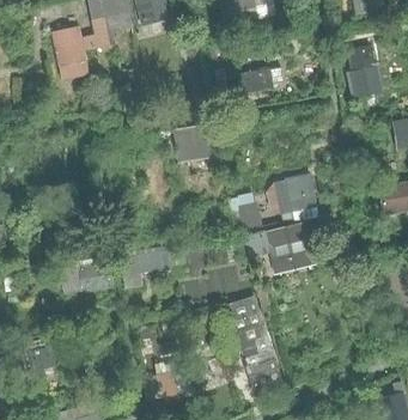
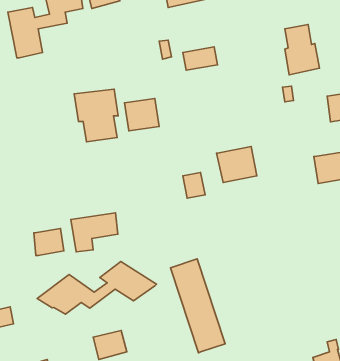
building: none -> [74,89,118,142]
building: [244,223,313,270] -> none
building: none -> [37,261,156,314]

